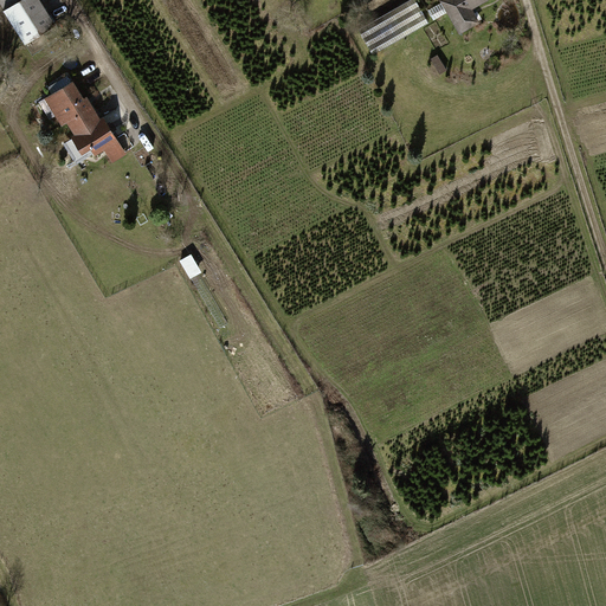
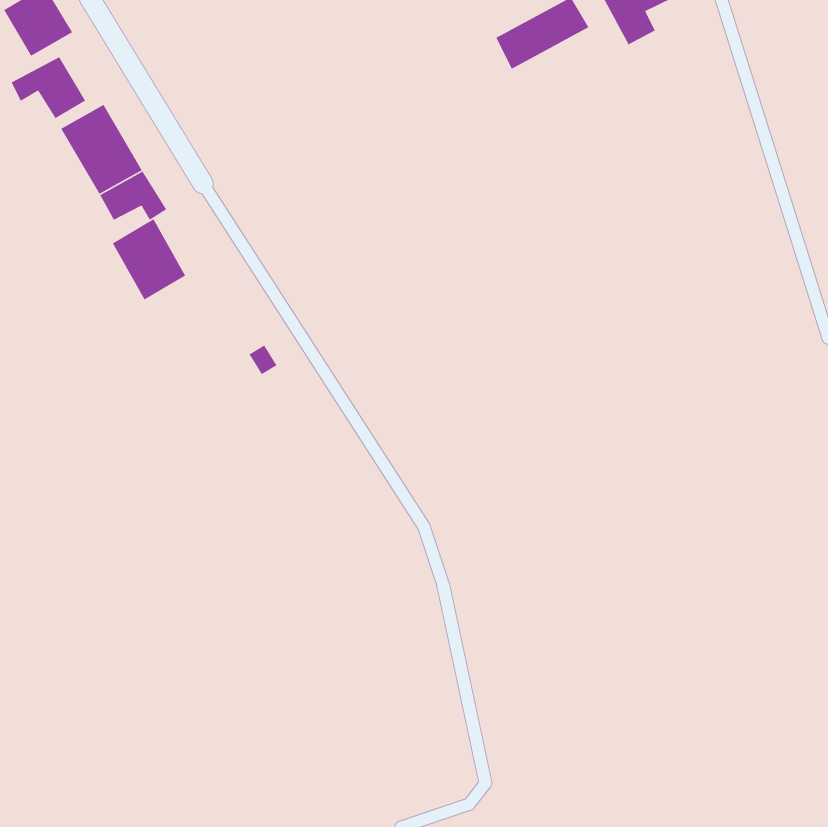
building: none -> [11,56,86,119]
building: none -> [112,218,186,301]

